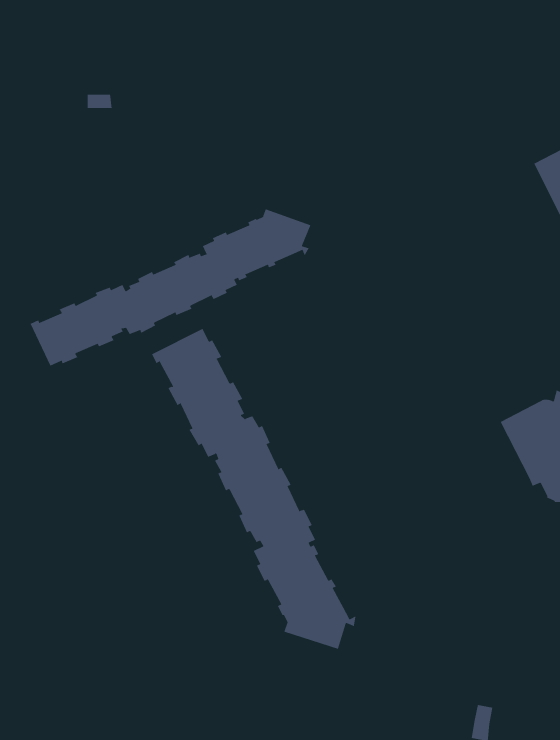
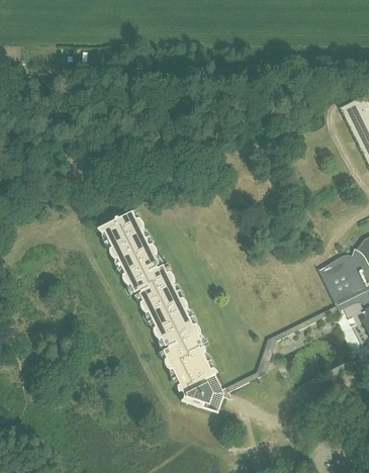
building: [30,208,311,367] -> none

